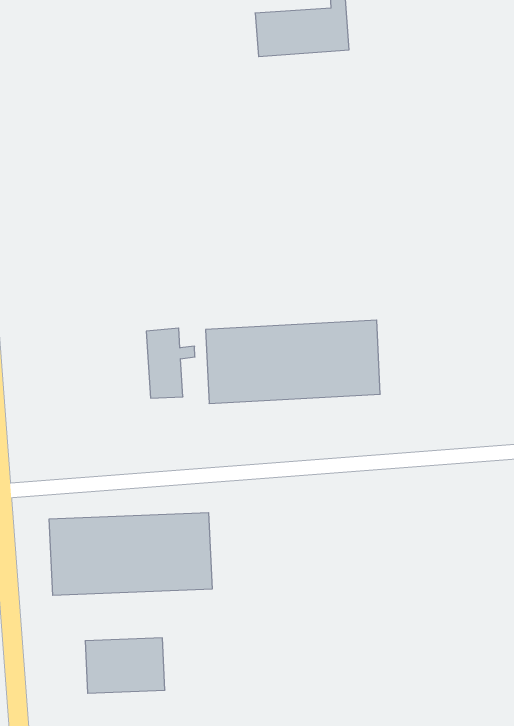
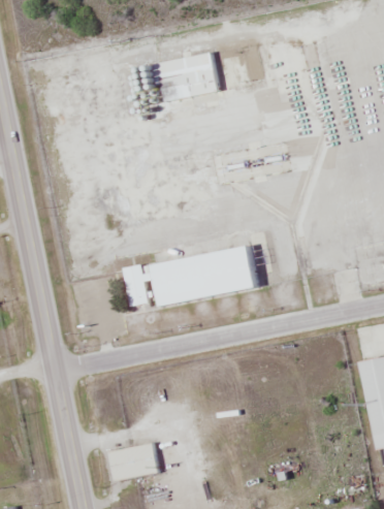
building: [49,513,212,595] -> none

